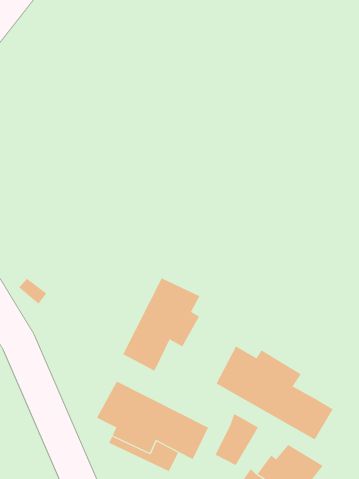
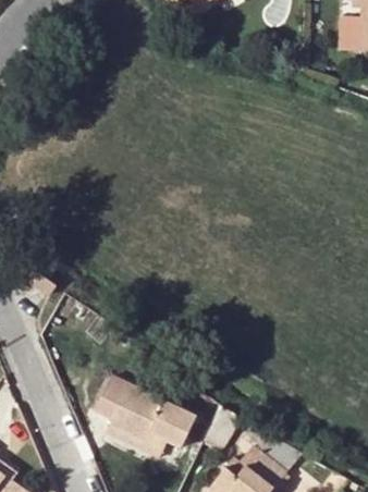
building: [123,278,200,371] -> none
building: [216,346,334,440] -> none

